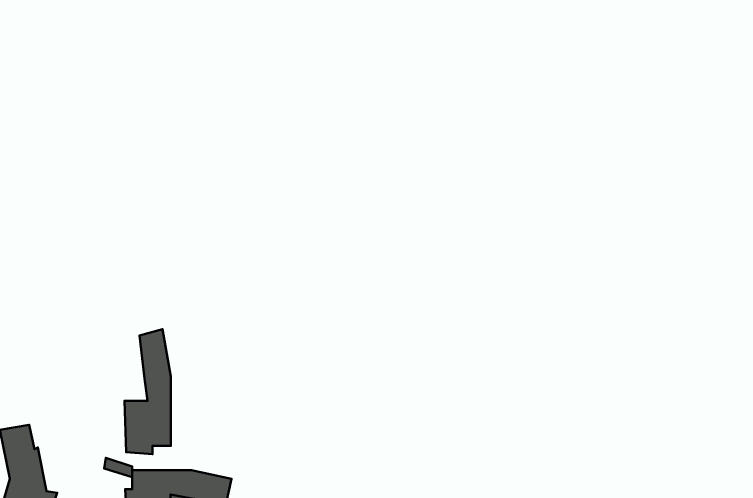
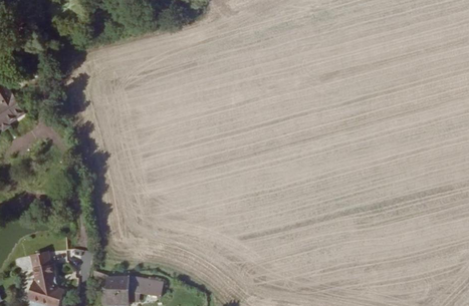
building: [125,329,171,454] -> none

